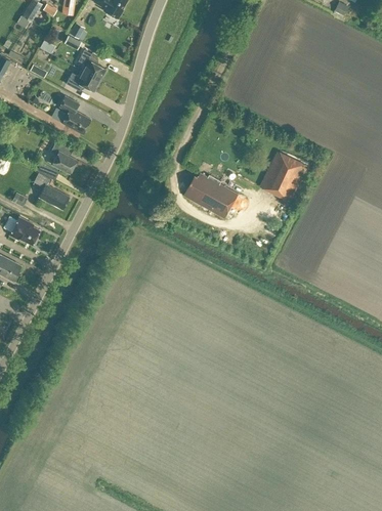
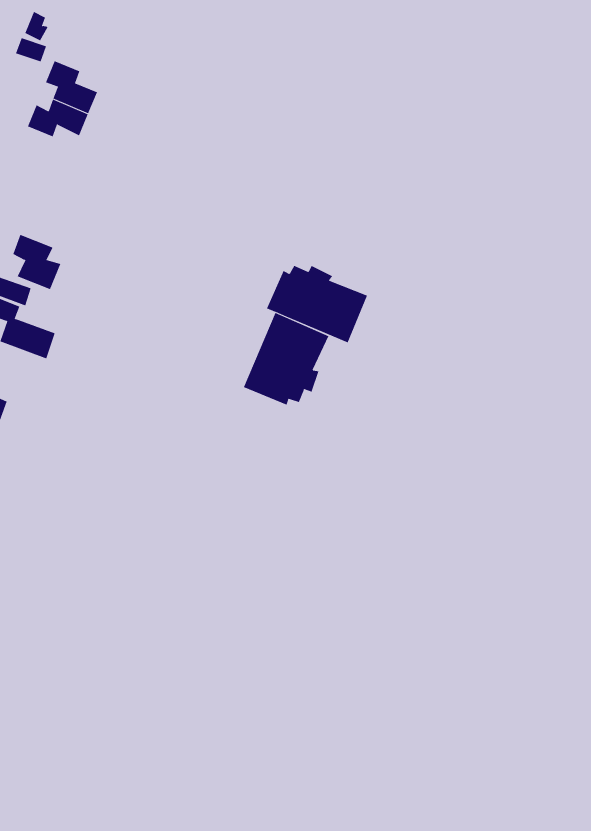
building: [59,95,90,133] -> none
building: [260,151,308,201] -> none
building: none -> [243,312,329,406]

